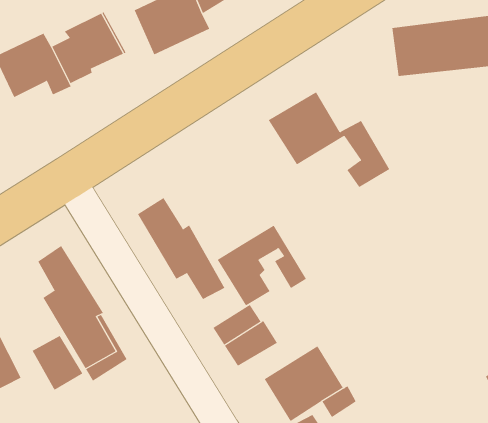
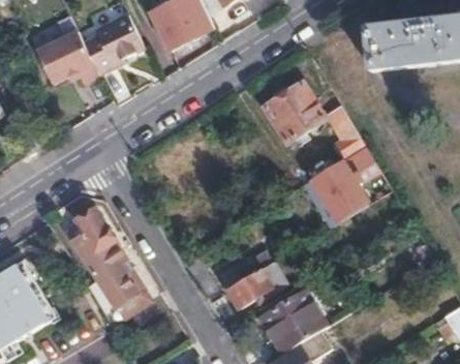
building: [137,197,225,300] -> none
building: [217,225,307,306] -> [316,144,391,211]
building: [32,335,83,391] -> none

